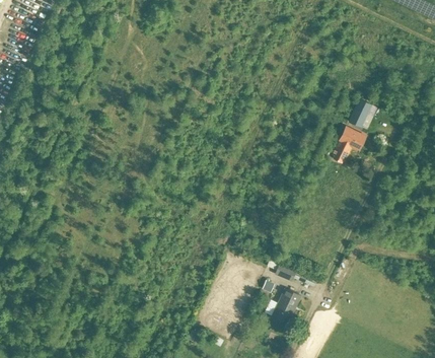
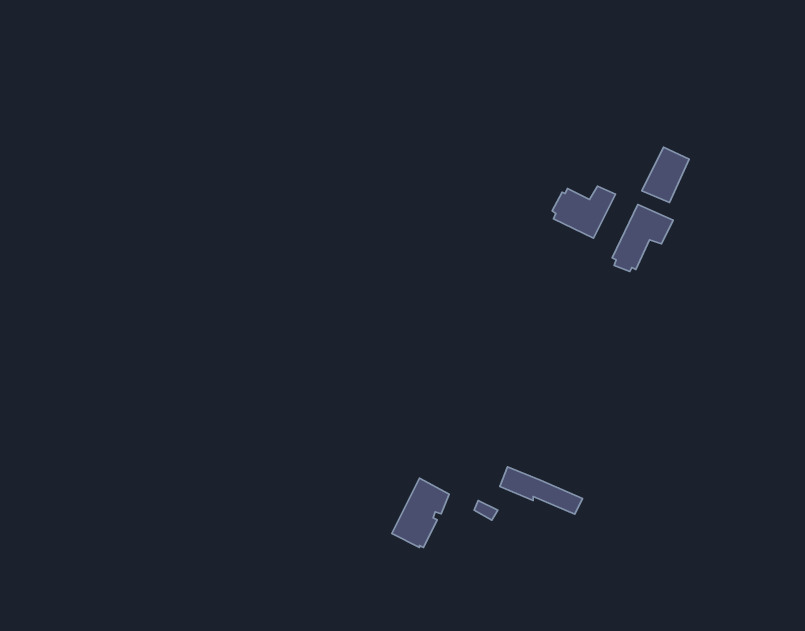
building: none -> [552,186,616,238]
building: [272,288,301,324] -> [392,478,449,547]

